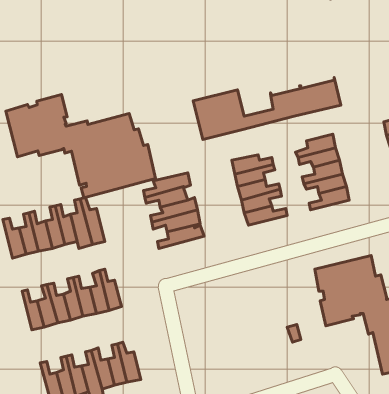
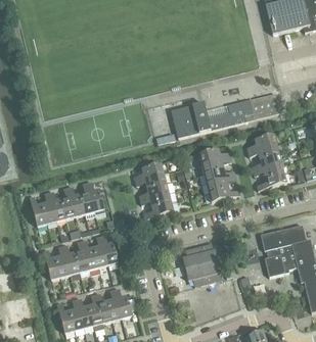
building: [6,94,156,198] -> none
building: none -> [182,241,220,284]

